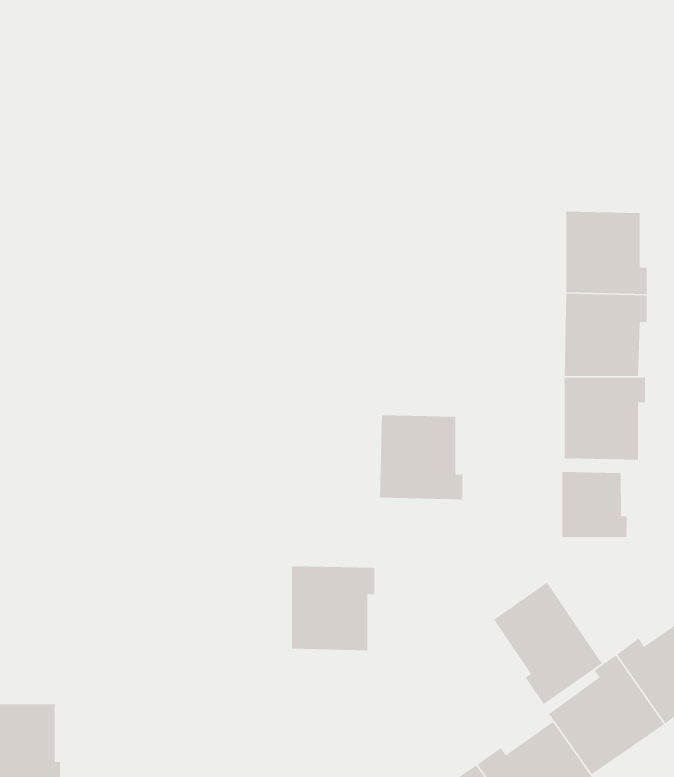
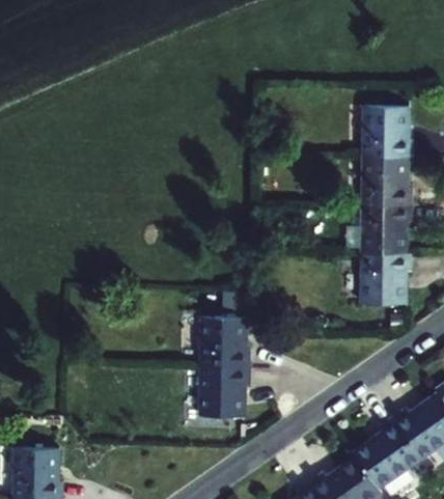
building: none -> [363,108,412,158]
building: [379,414,463,500] -> [200,317,250,368]
building: [561,471,627,538] -> none
building: [493,581,603,705] -> none

